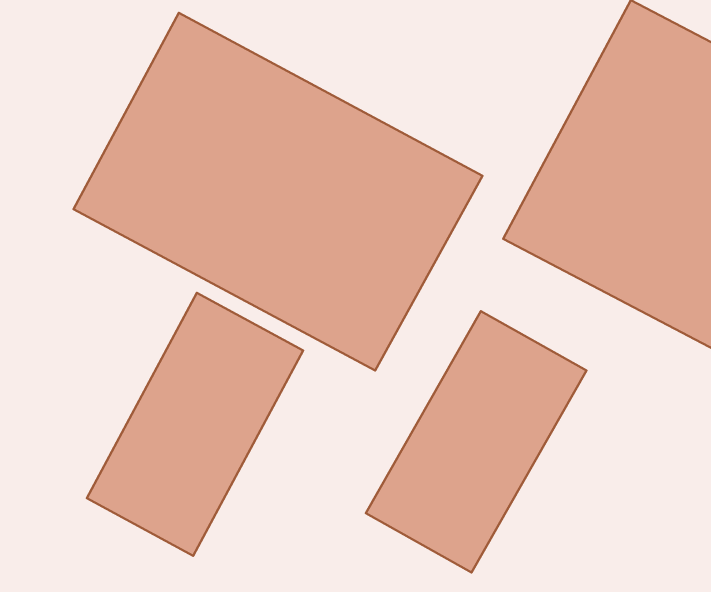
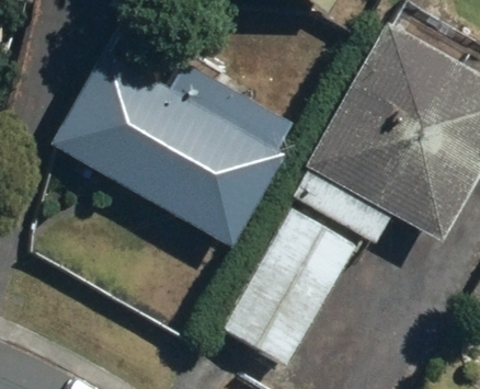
building: [87,293,303,556] -> none

